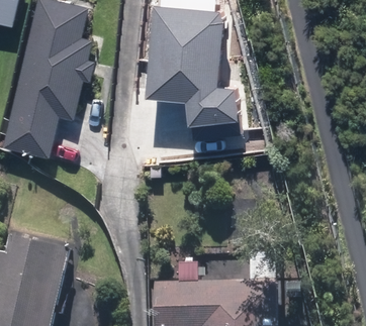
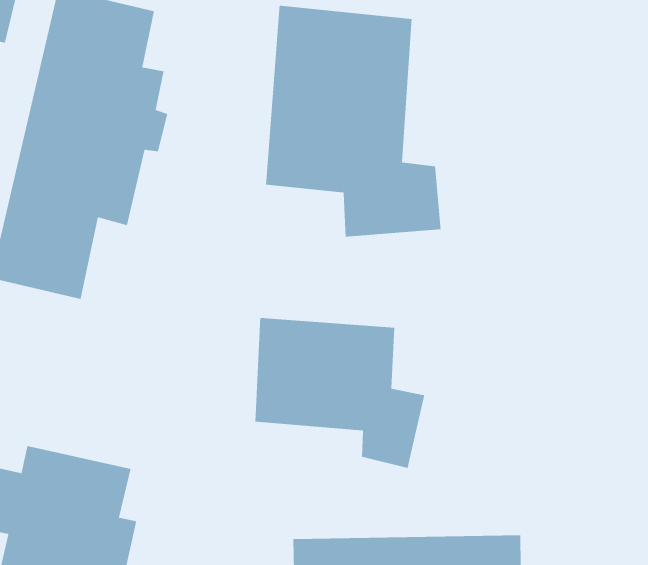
building: none -> [254,317,425,469]

